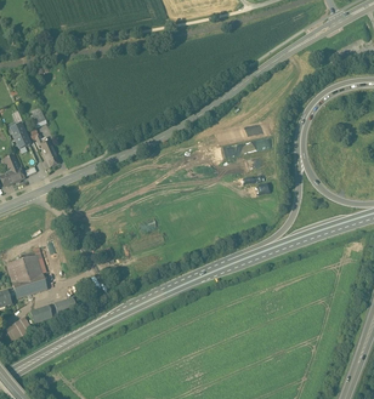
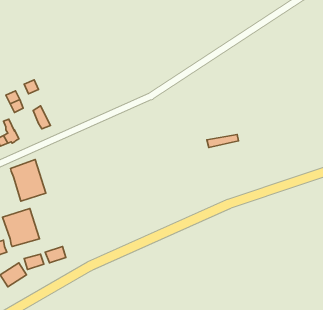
building: none -> [11,160,46,201]

